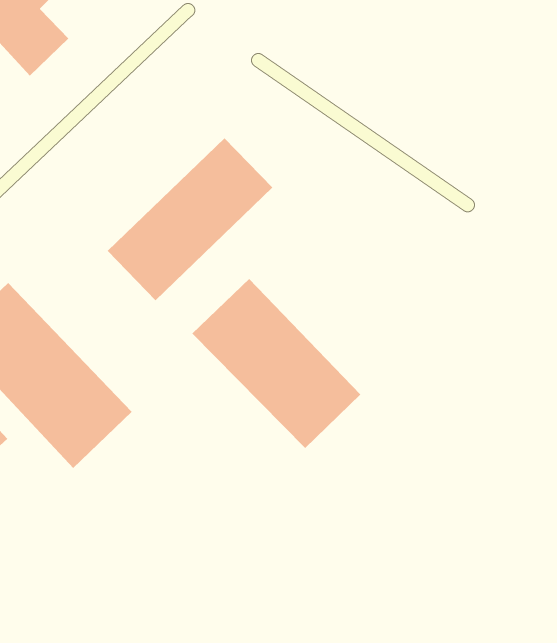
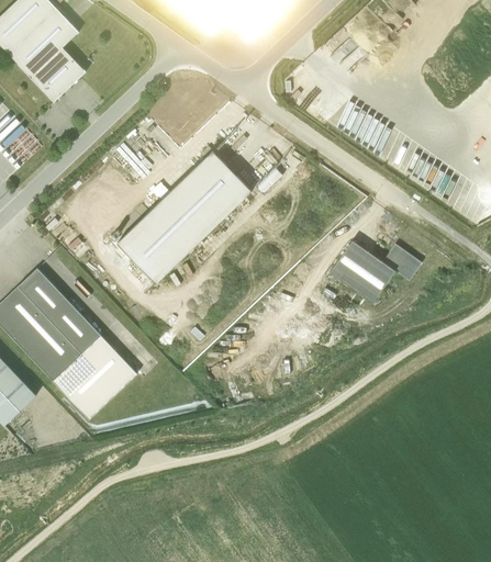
building: none -> [330,240,422,302]
building: [192,278,361,449] -> none

